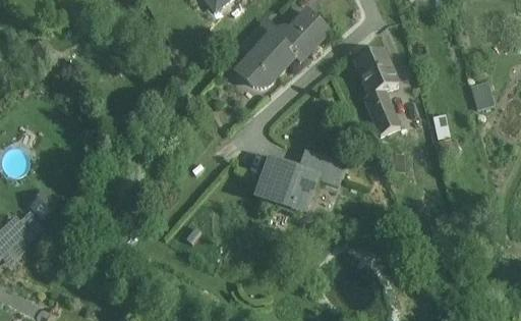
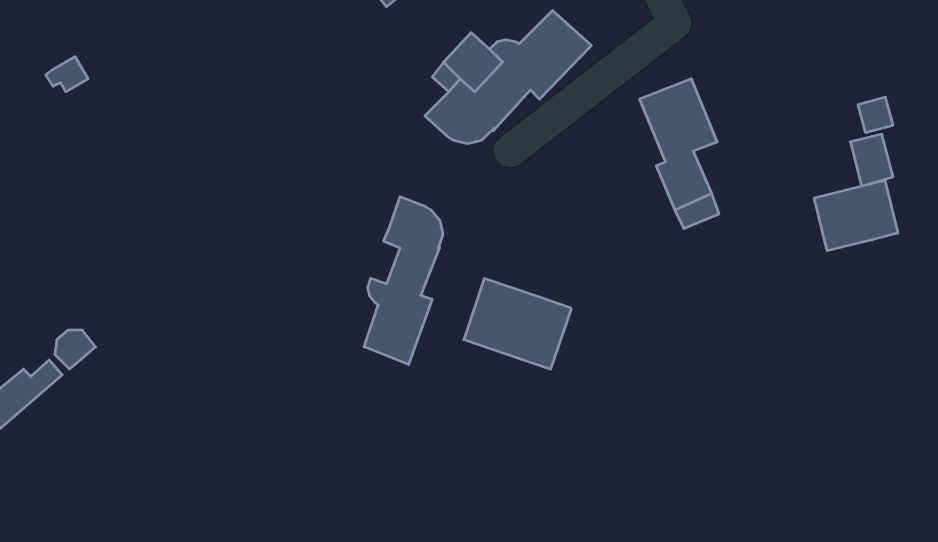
building: none -> [814,180,898,251]
building: none -> [364,197,443,365]
building: [299,152,343,183] -> none

